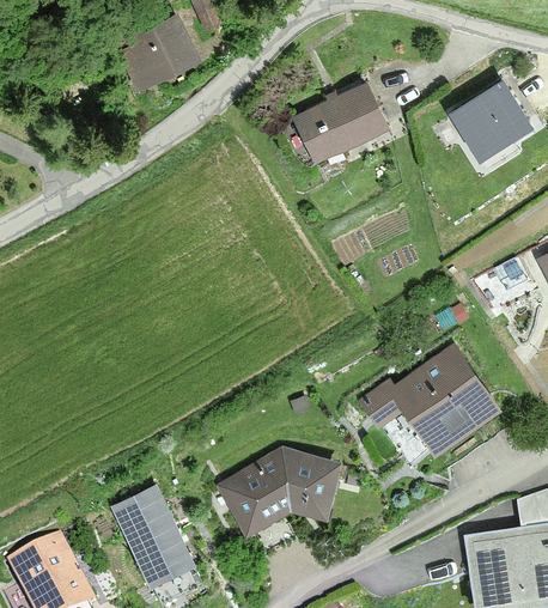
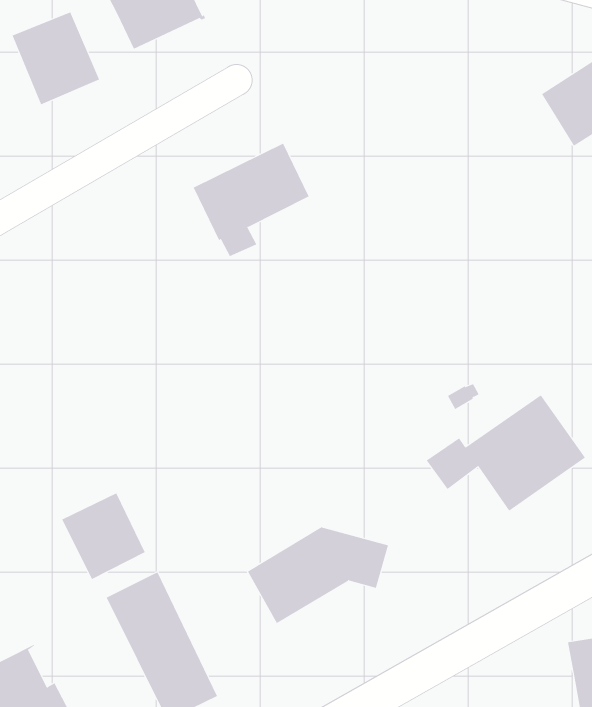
building: none -> [12,12,100,105]
building: [294,83,385,171] -> [193,143,310,257]
building: none -> [62,492,146,580]

